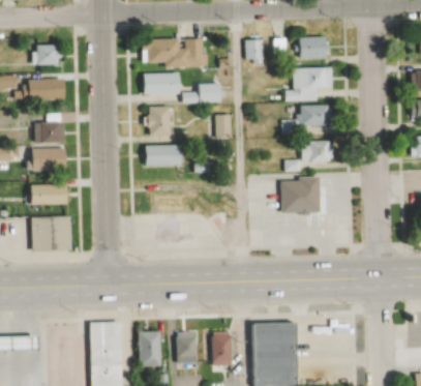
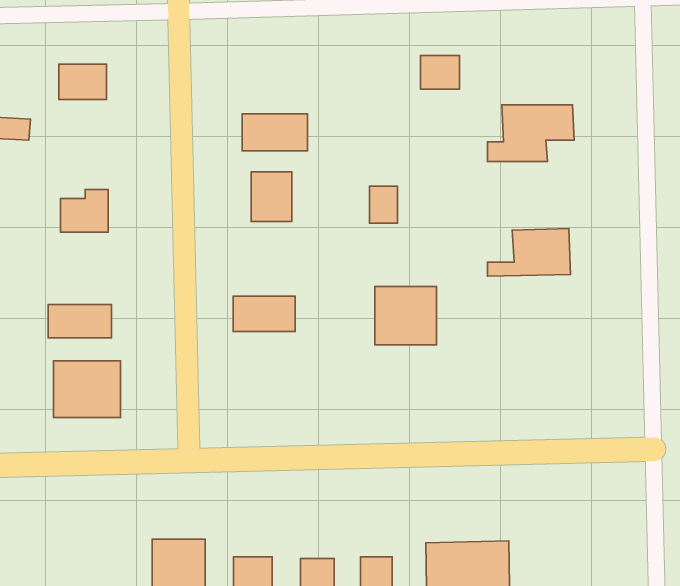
building: [298,36,331,59] -> none
building: [143,38,205,66] -> none
building: [25,79,63,99] -> none
building: [184,83,224,101] -> none
building: [299,106,334,132] -> none
building: [144,145,180,166] -> [233,296,295,332]
building: [27,148,64,170] -> none
building: [282,178,319,212] -> [375,286,437,345]

